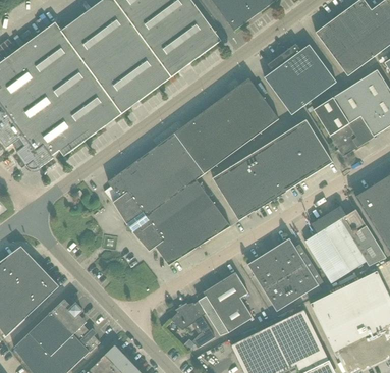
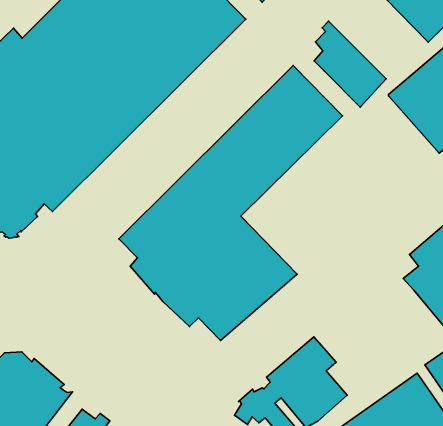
building: [278,44,335,98] -> none
building: [212,119,332,220] -> none
building: [246,238,320,311] -> none

